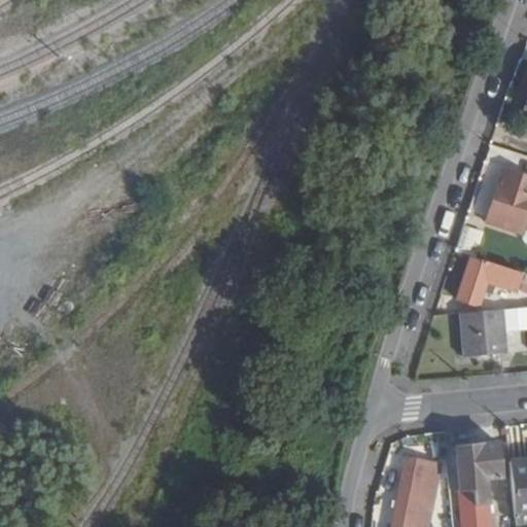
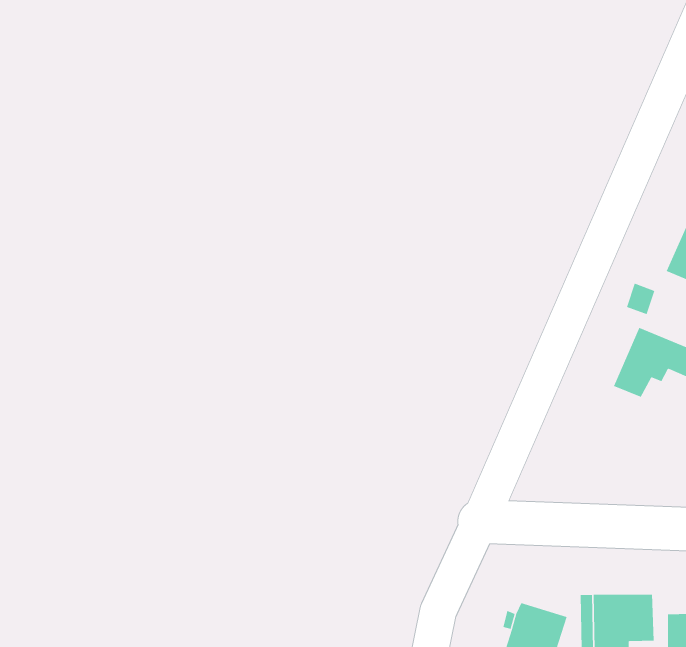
building: [461,310,508,356] -> none

